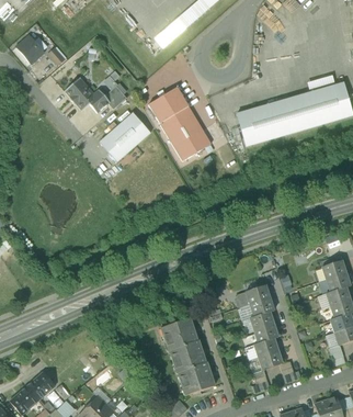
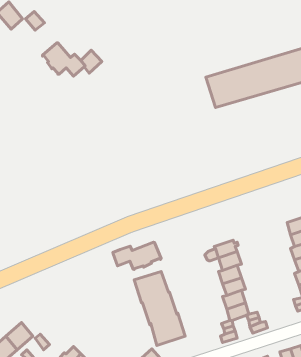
building: [148,87,210,161] -> none
building: [99,113,149,162] -> none
building: none -> [113,242,161,269]

